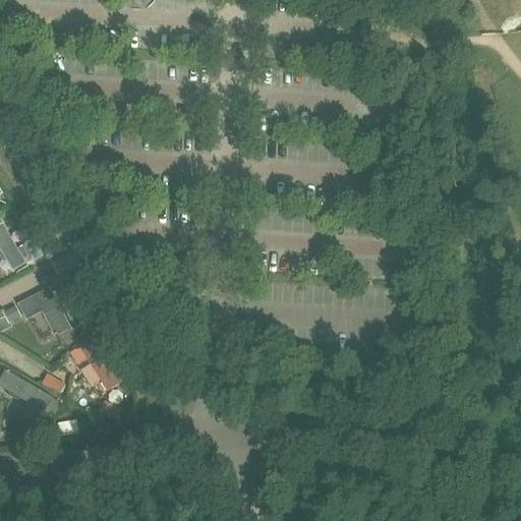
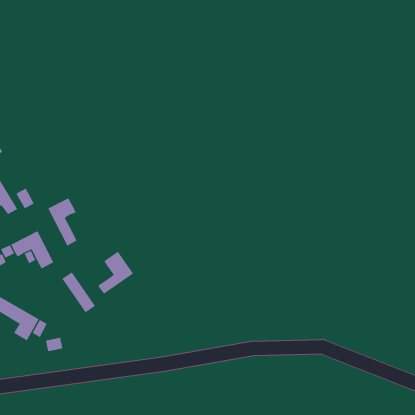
building: none -> [47,197,77,246]
building: none -> [97,251,134,294]

